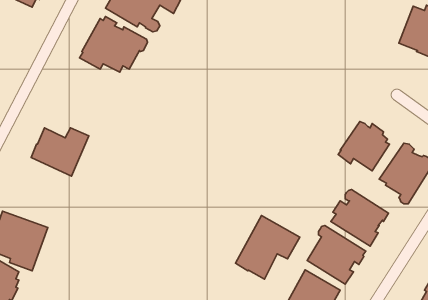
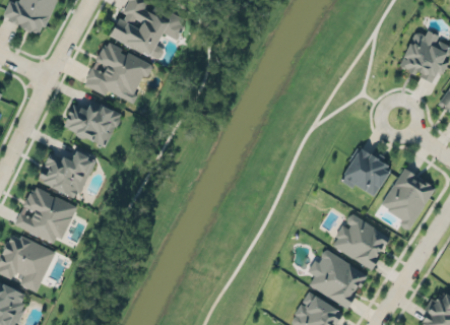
building: none -> [62,101,122,148]
building: none -> [15,187,78,242]
building: [236,215,300,279] -> none

